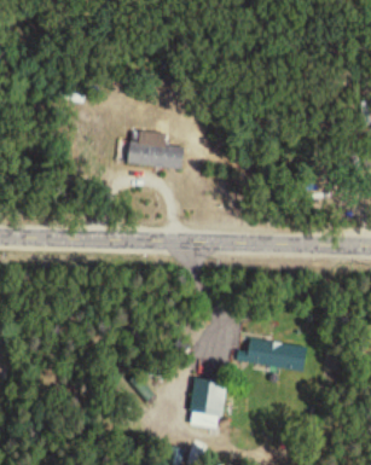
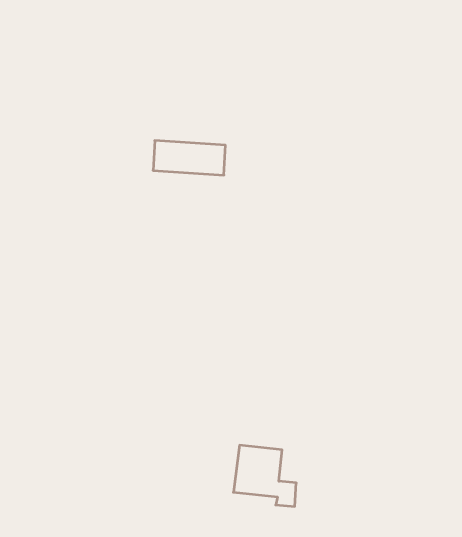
building: [245,339,306,371] -> none

